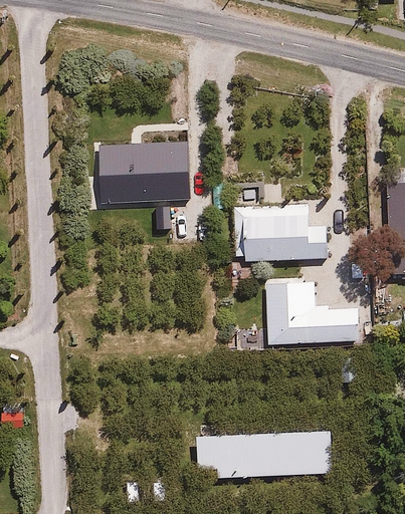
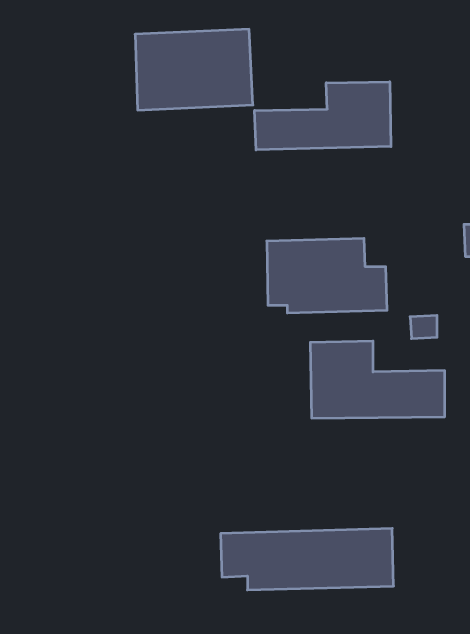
building: none -> [255,82,391,150]
building: [97,144,190,207] -> [135,29,253,110]

